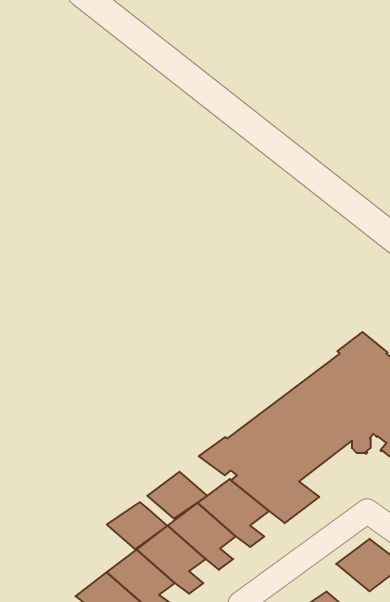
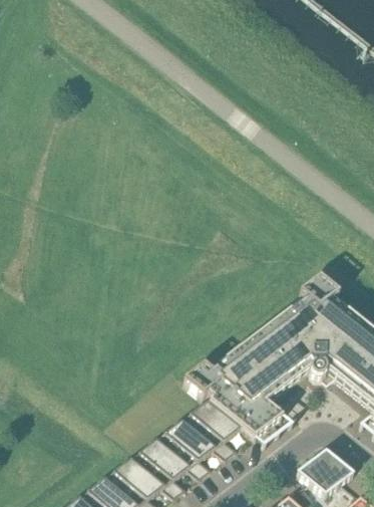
building: [147,472,207,519] -> none
building: [107,502,167,549] -> none

